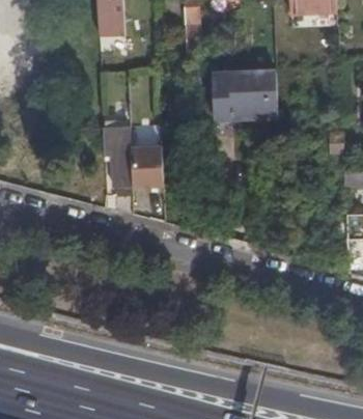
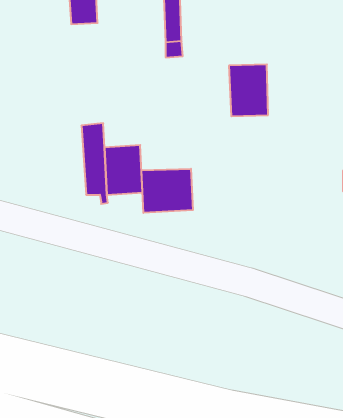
building: [211,72,244,118] -> none
building: none -> [141,169,193,213]

